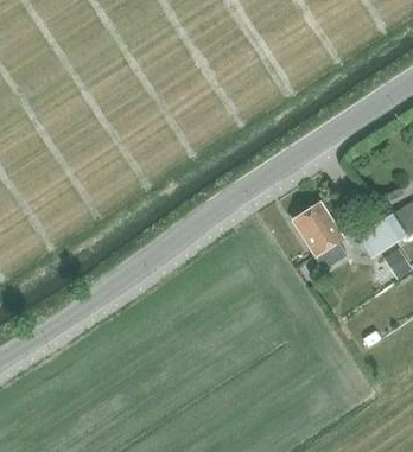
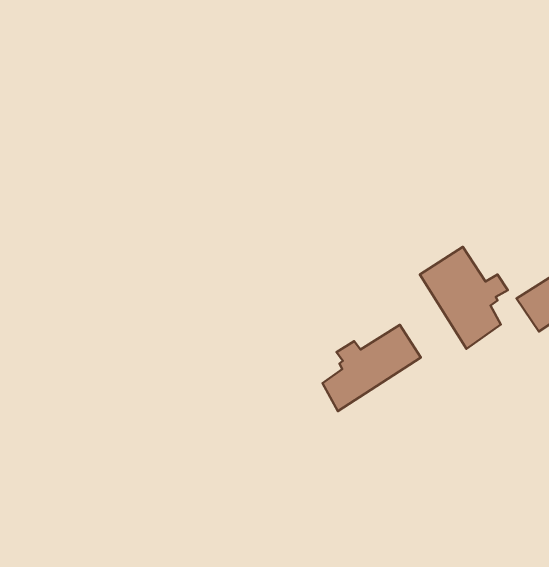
building: none -> [322,325,421,411]

